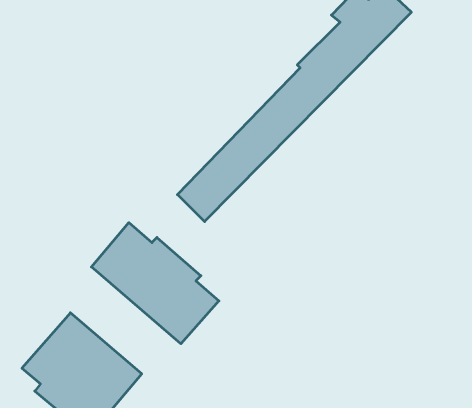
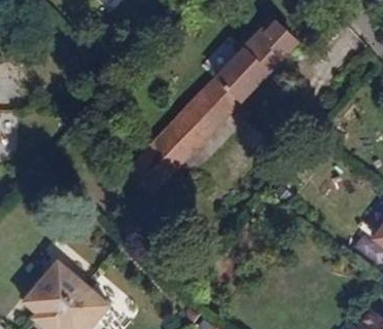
building: [91,223,219,344] -> none

